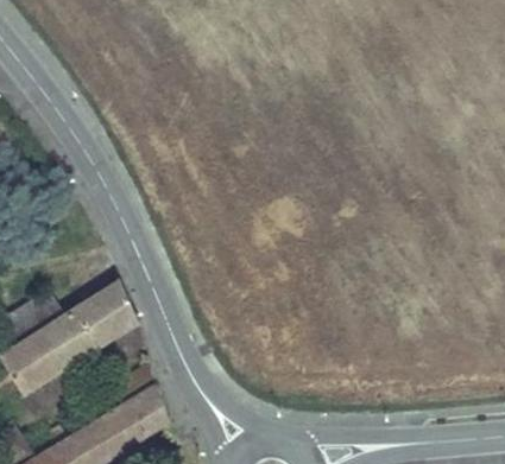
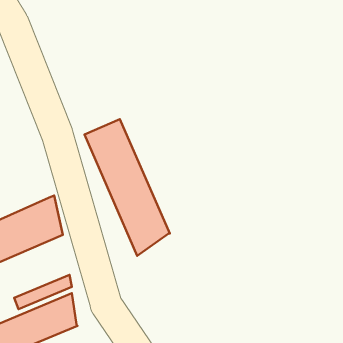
building: none -> [84,119,170,256]

